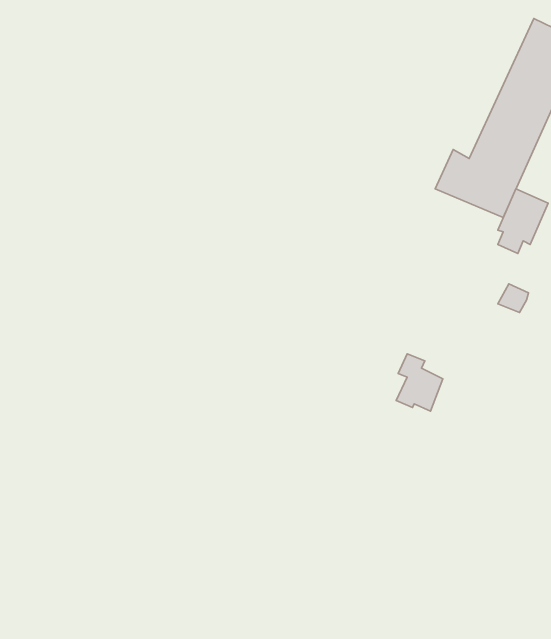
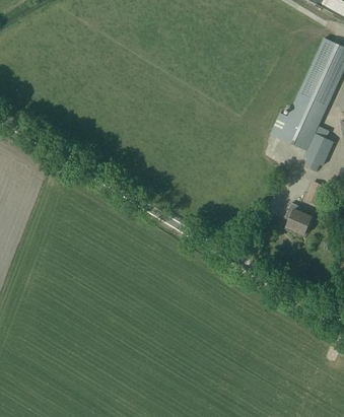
building: [396,354,443,411] -> [285,203,312,235]

